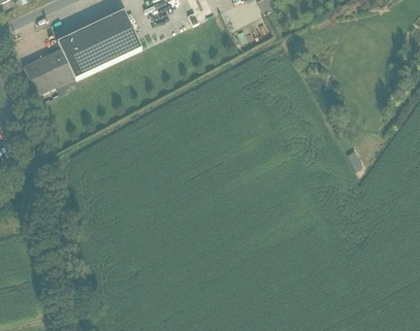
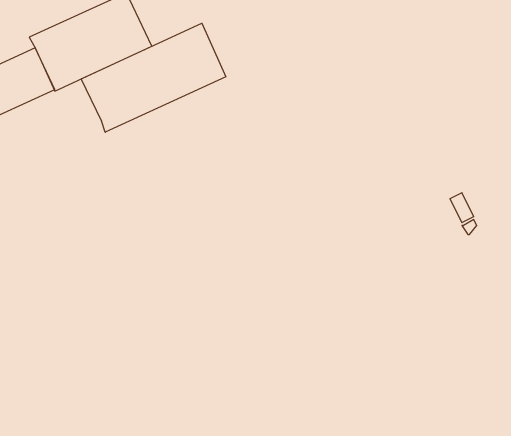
building: none -> [81,23,226,132]

